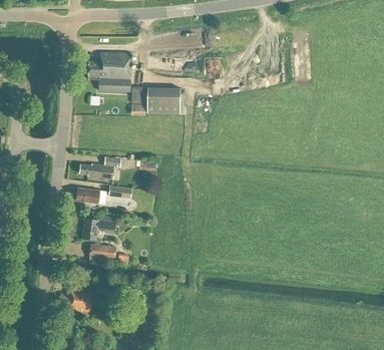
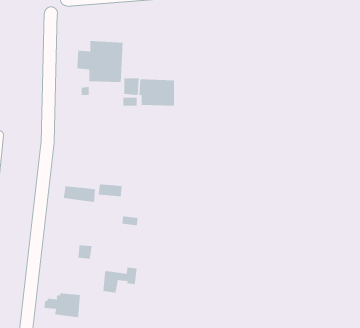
building: [79,157,120,180] -> none
building: [82,216,115,241] -> [102,267,138,294]

